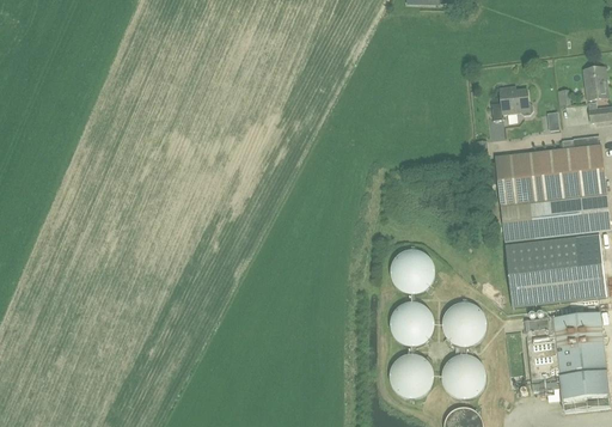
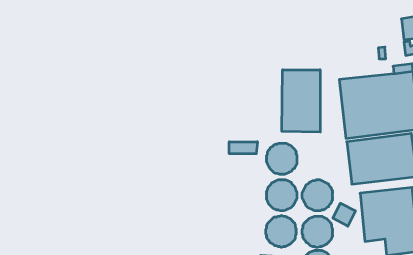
building: [490,86,533,120] -> none
building: none -> [282,70,320,132]
building: none -> [229,142,257,154]
building: none -> [333,203,355,226]

